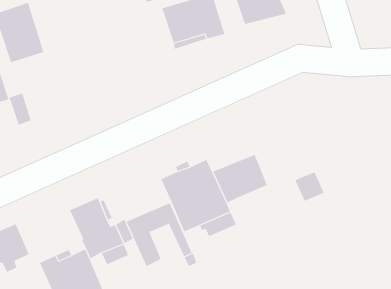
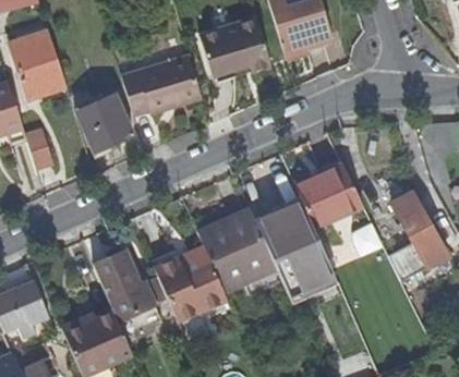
building: none -> [121,56,202,115]
building: none -> [76,94,134,151]
building: none -> [295,162,363,226]
building: none -> [388,193,448,280]
building: none -> [286,236,336,291]

